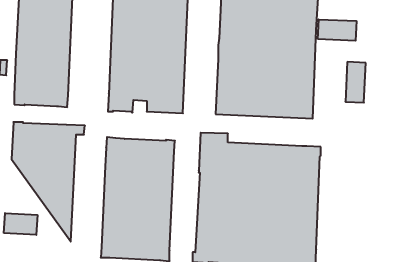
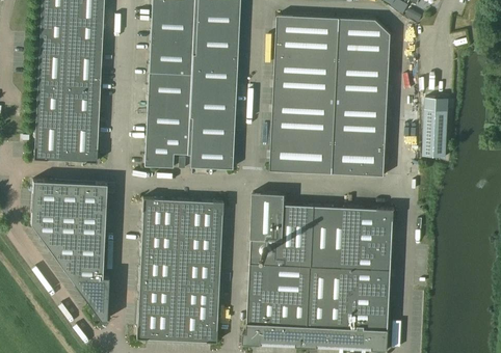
building: [318,19,356,41] -> none
building: [4,213,37,235] -> none

